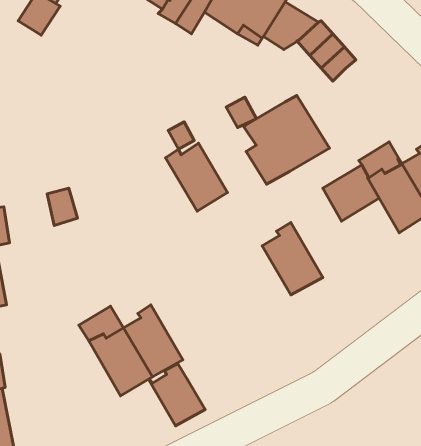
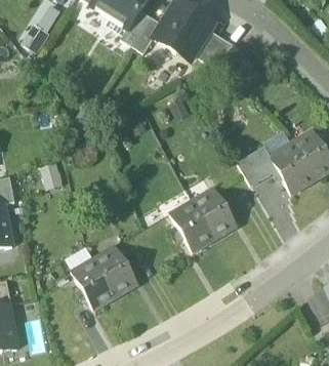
building: [244,95,329,184] -> none
building: [165,143,227,211] -> [170,203,214,251]
building: [149,363,205,426] -> none

